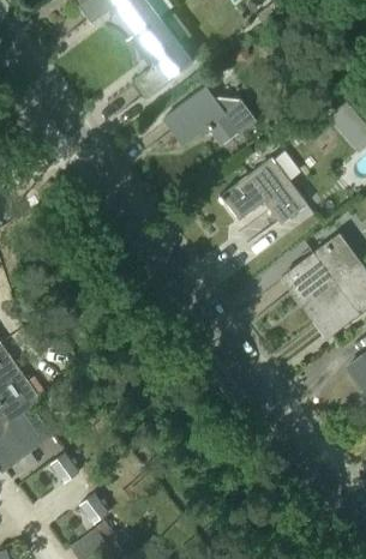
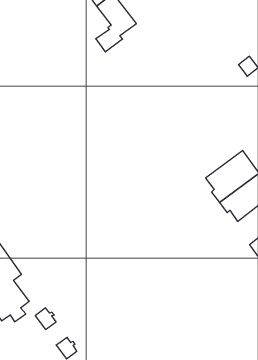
building: [164,88,254,144] -> none
building: [221,157,307,224] -> none

